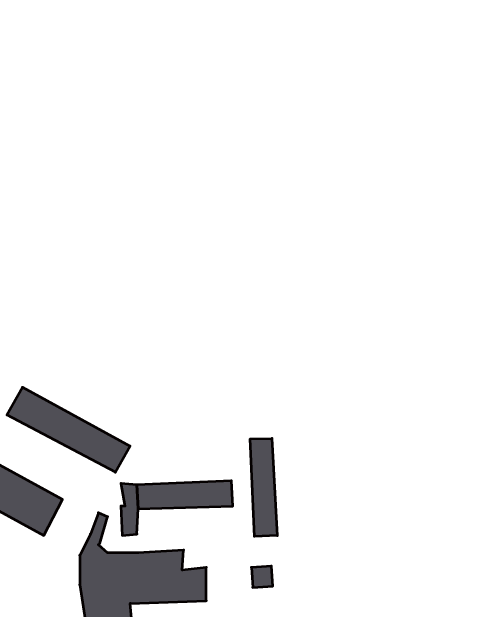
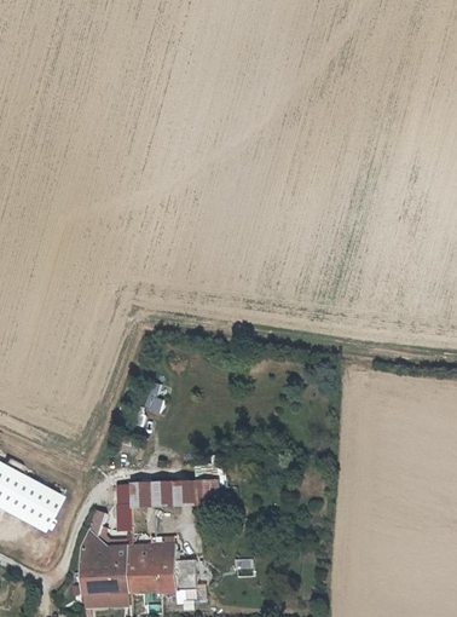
building: [7,387,130,472] -> none
building: [250,438,277,536] -> none

